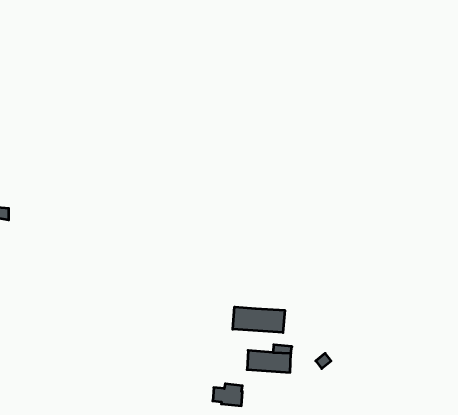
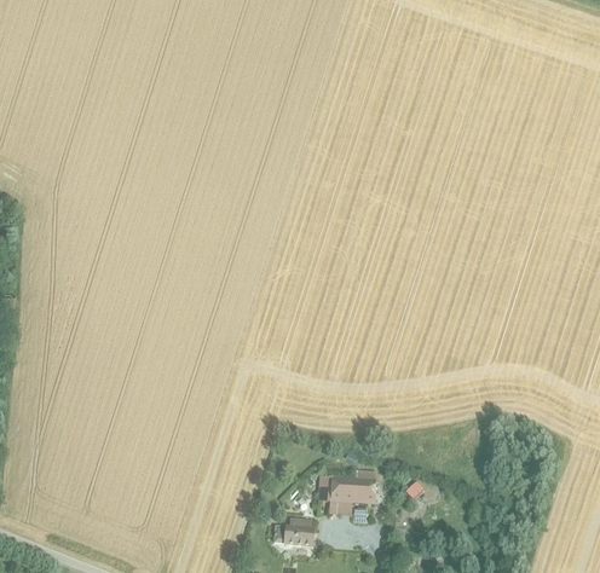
building: [233,307,285,333] -> none

